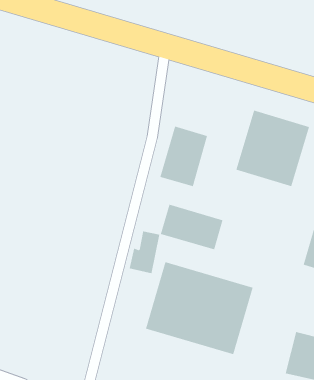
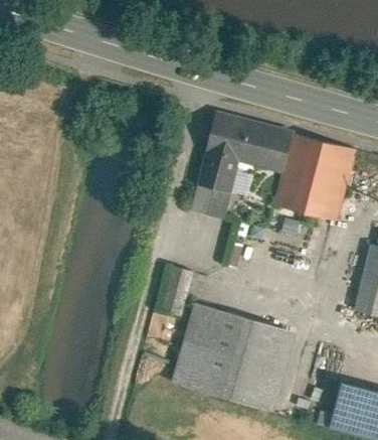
building: none -> [205,112,294,174]
building: [160,204,223,250] -> none

